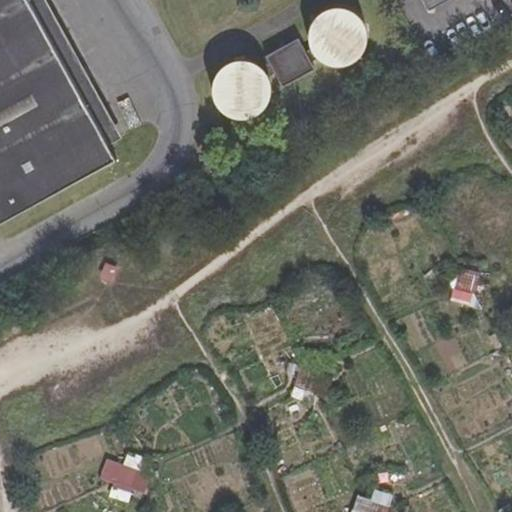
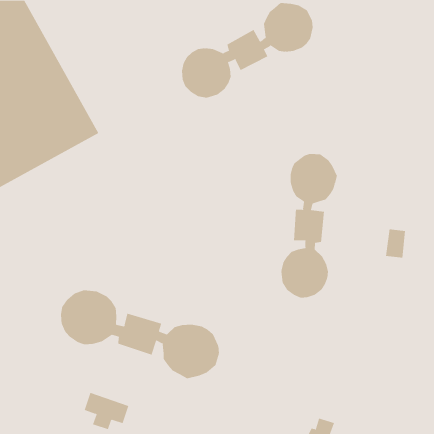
building: none -> [281,153,338,298]
building: none -> [60,289,219,379]

